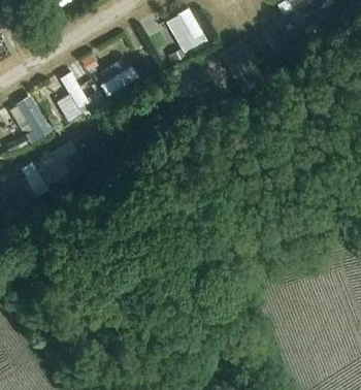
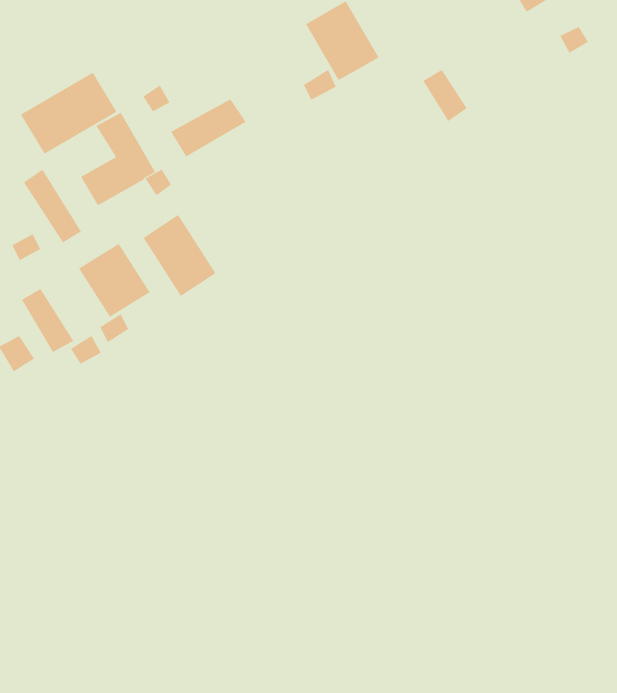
building: none -> [20,72,117,155]
building: none -> [143,214,216,297]

